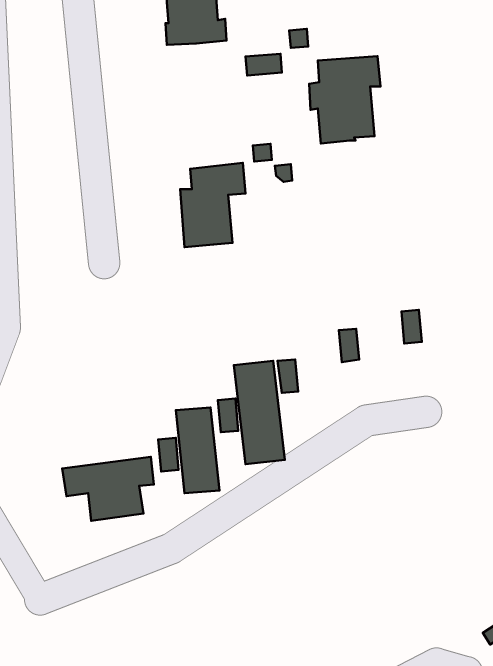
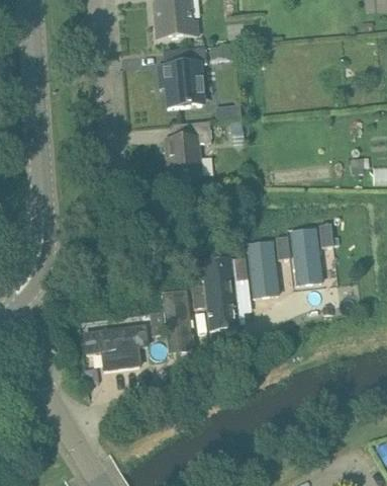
building: [309,56,380,143] -> [159,47,208,107]
building: none -> [291,229,320,284]
building: none -> [248,242,277,297]

